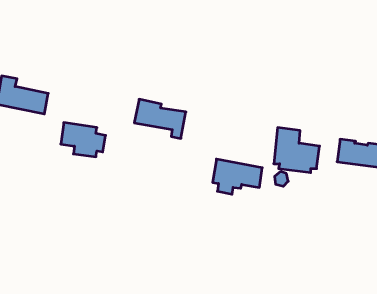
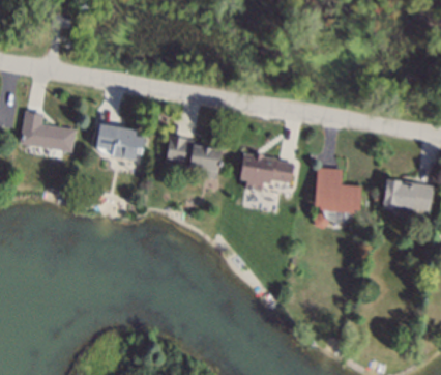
building: [61,123,106,157] -> [98,124,146,161]
building: [213,159,262,194] -> [241,153,294,191]

